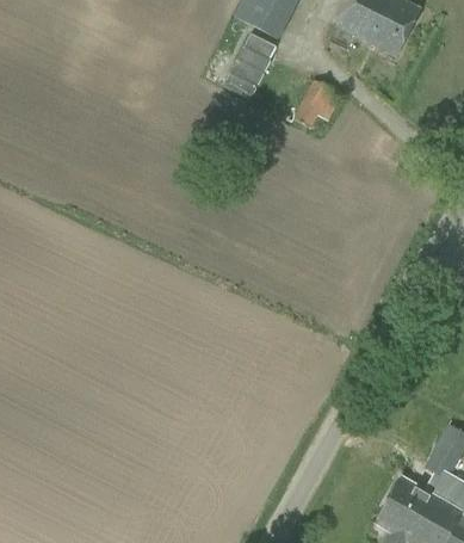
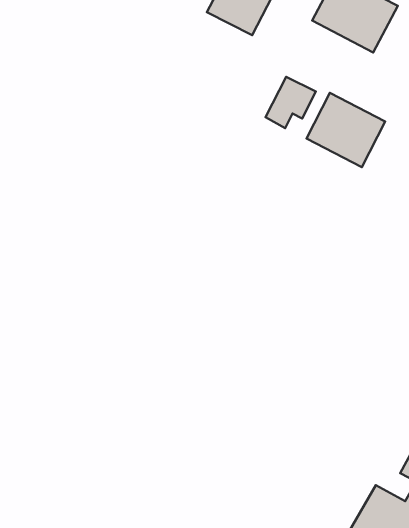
building: [224,30,278,95] -> none
building: none -> [306,93,385,167]

